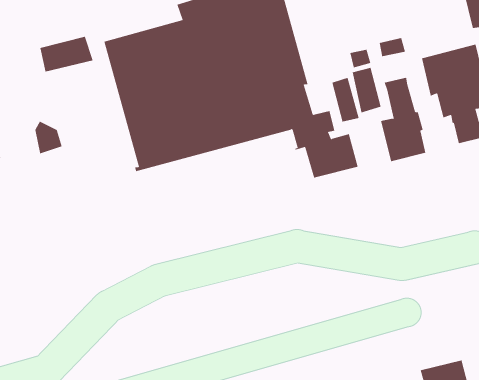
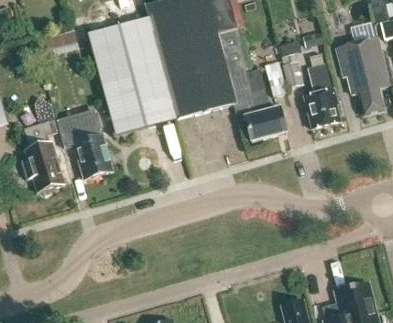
building: none -> [56,110,111,177]
building: none -> [19,120,63,194]

